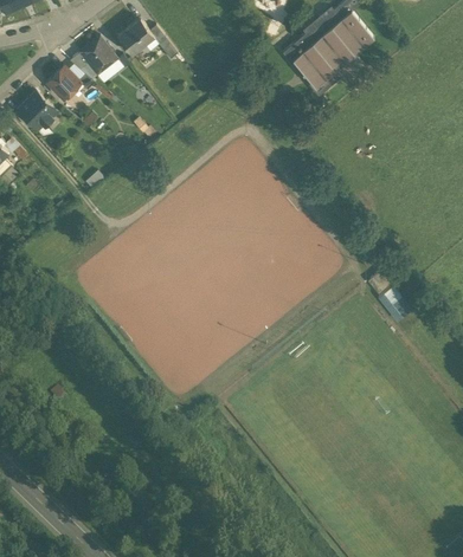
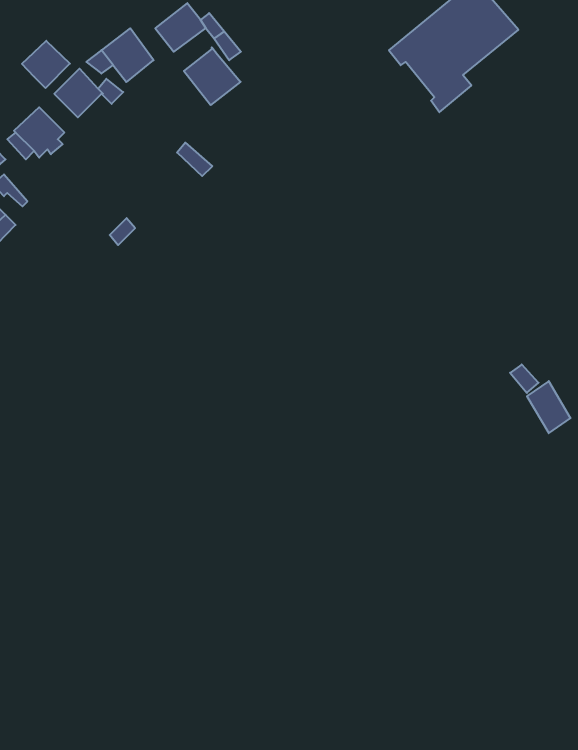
building: none -> [22,41,70,88]
building: none -> [184,47,241,105]

